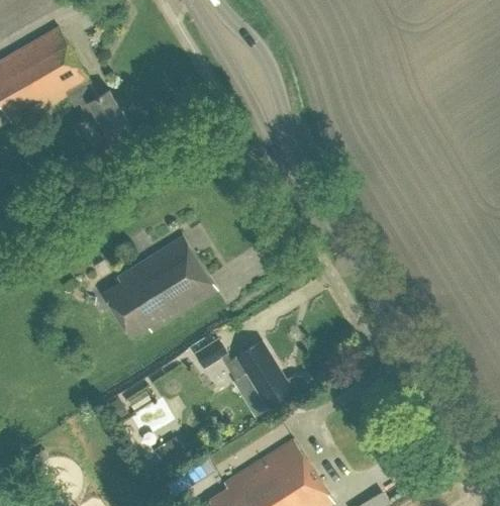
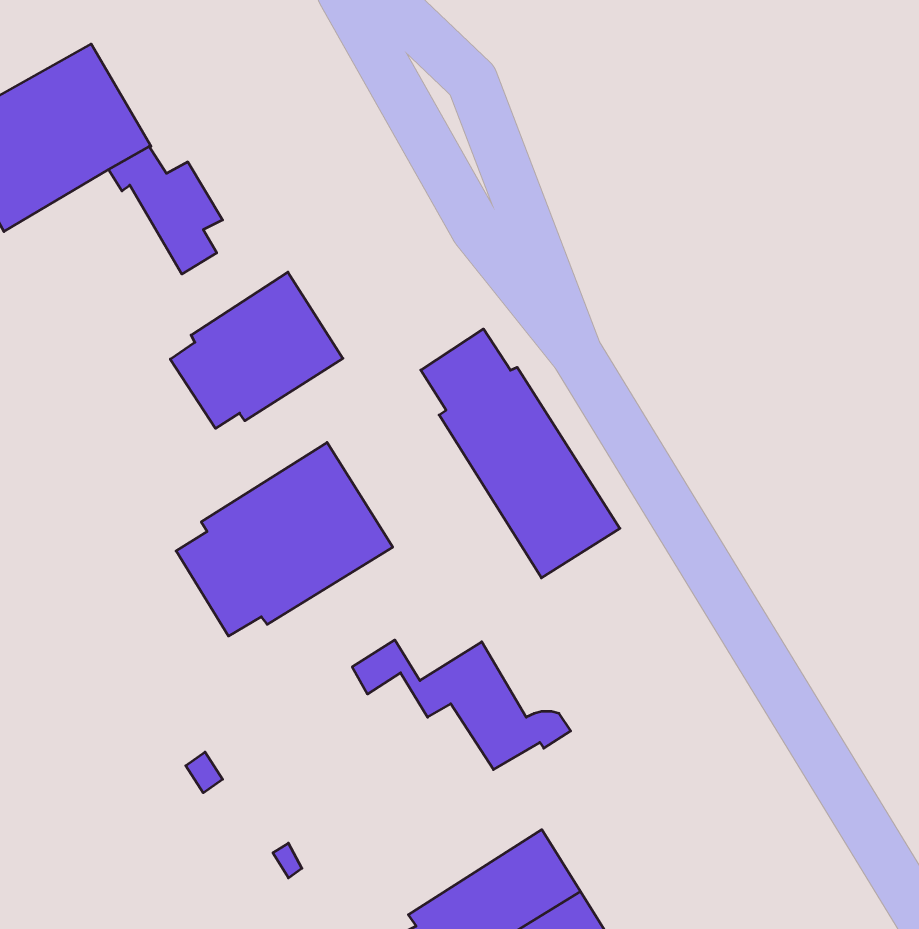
building: none -> [170,272,343,428]
building: none -> [421,329,620,578]

